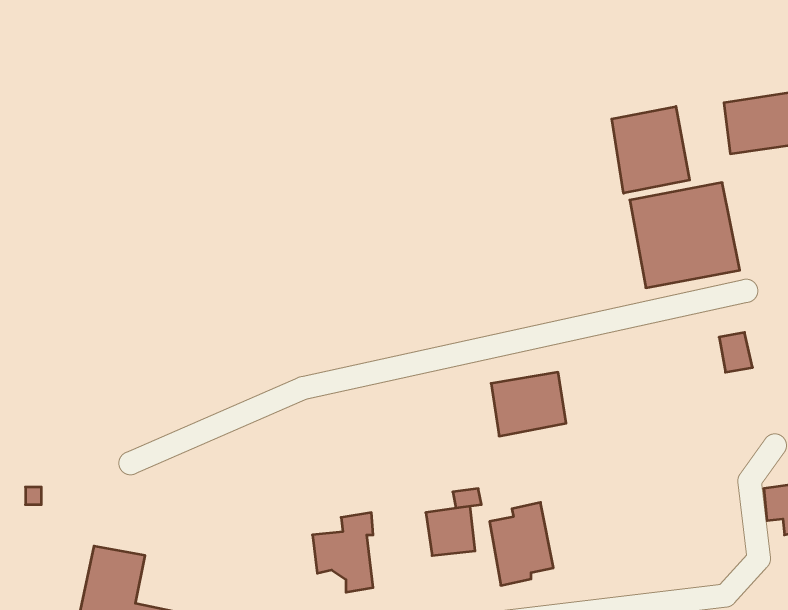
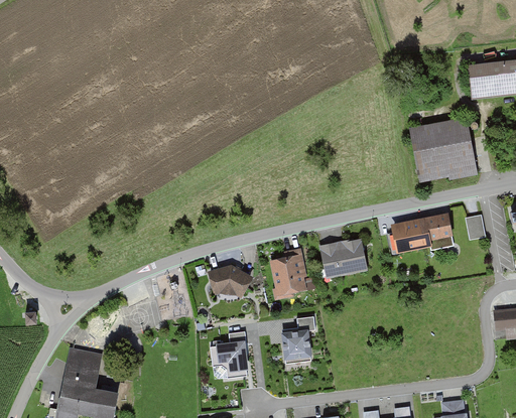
building: [612,106,690,193] -> none
building: none -> [390,215,450,256]
building: none -> [205,264,252,297]
building: [490,502,553,585] -> [269,246,309,298]

